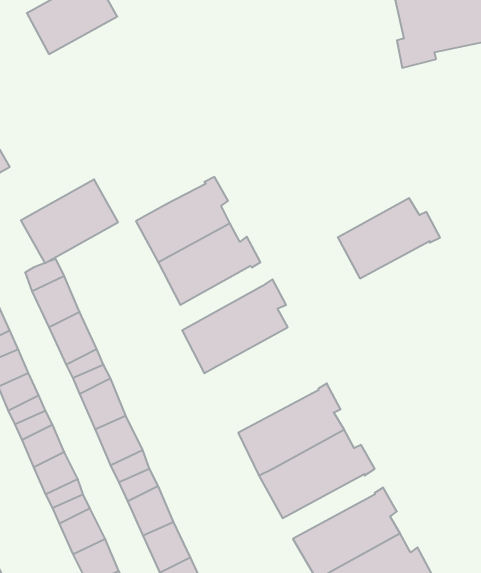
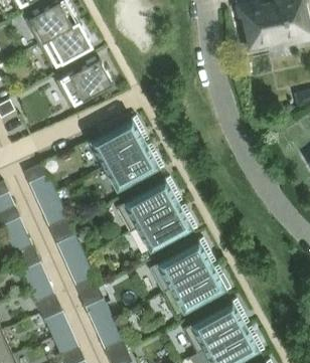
building: none -> [38,23,92,69]
building: [21,179,118,263] -> [55,59,113,109]
building: [338,198,440,278] -> [137,206,197,253]

